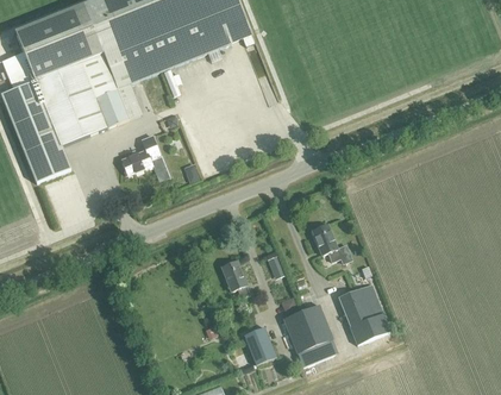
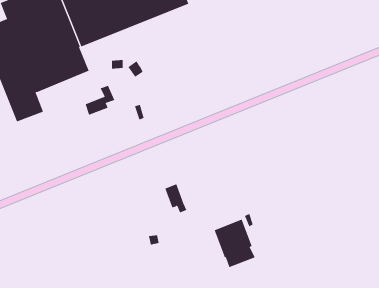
building: [312,222,340,261] -> none
building: [338,283,389,344] -> none
building: [243,326,276,364] -> none

